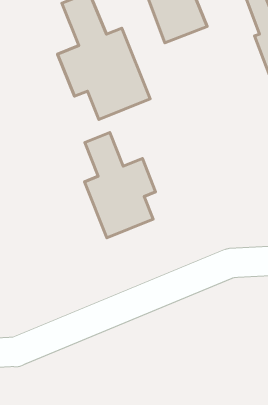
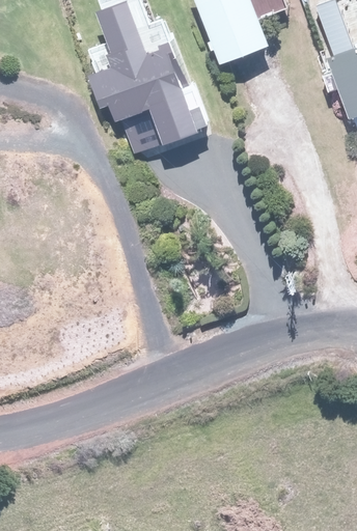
building: [84,133,156,238] -> none

